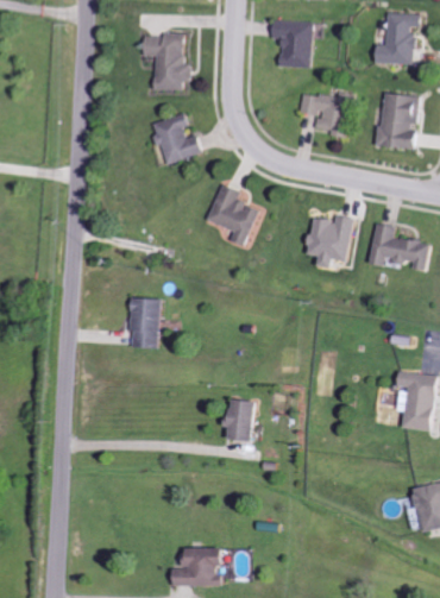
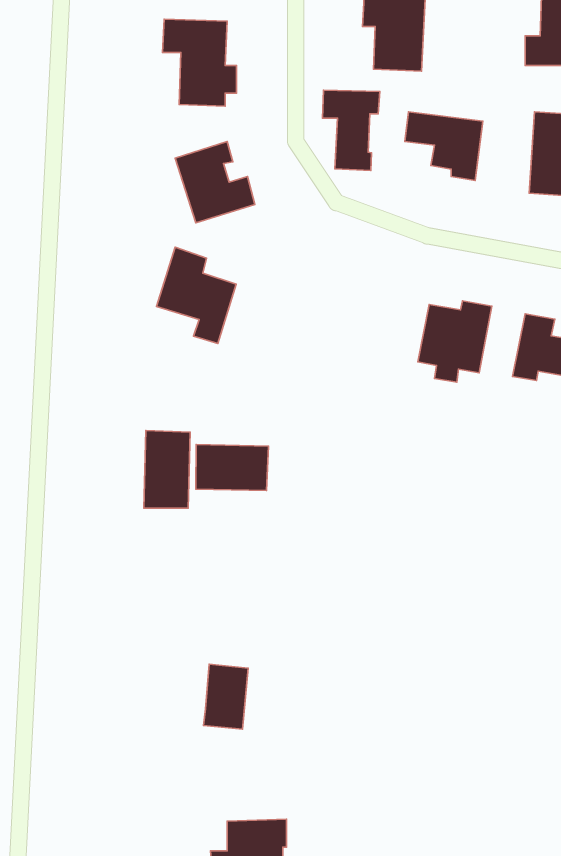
building: none -> [322,90,380,170]
building: [206,183,257,245] -> [157,247,236,343]
building: none -> [196,444,269,491]
building: [227,398,256,440] -> [204,664,248,729]

